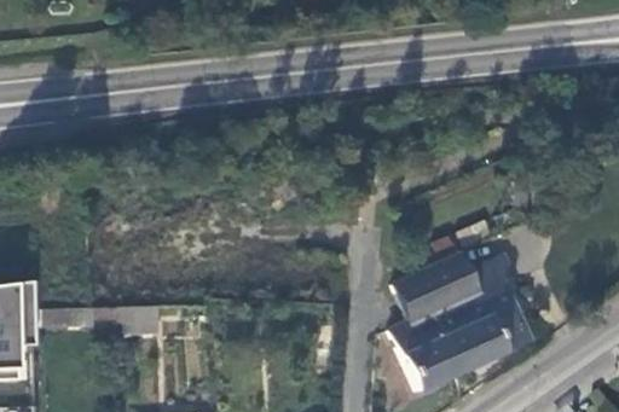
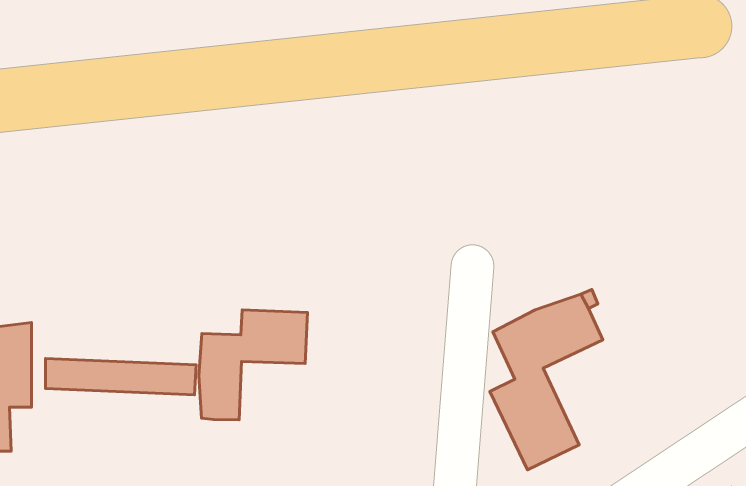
building: [430,266,530,373] -> none
building: none -> [199,310,308,420]

